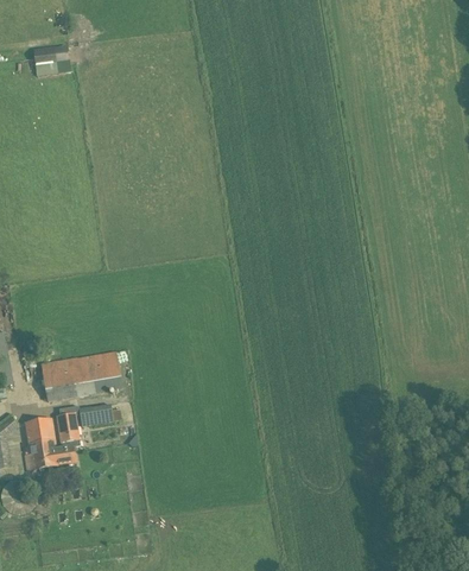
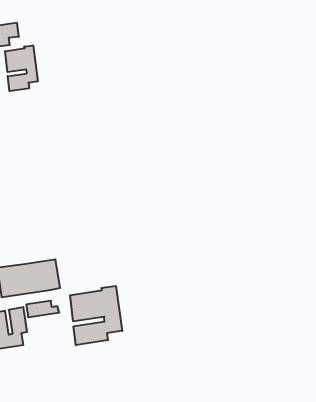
building: none -> [5,45,38,91]
building: none -> [70,286,122,345]

